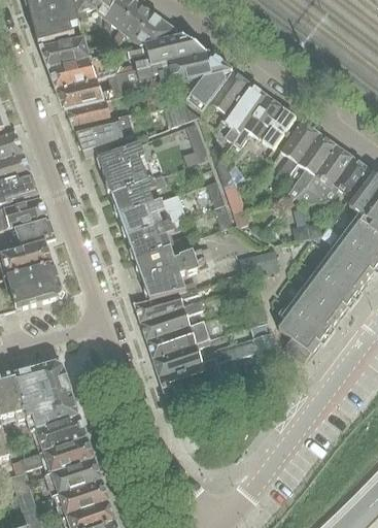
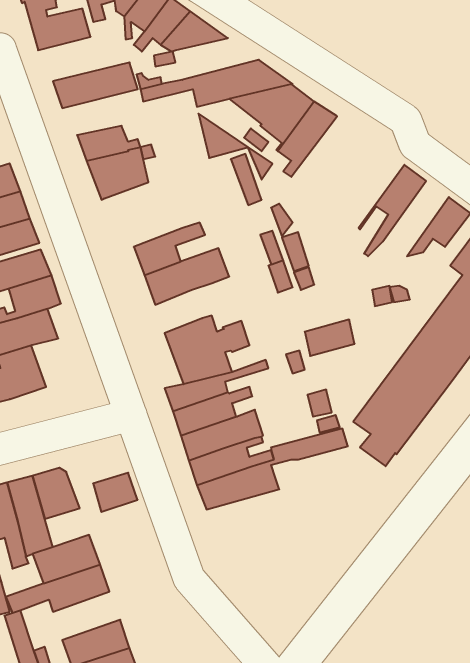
building: [141,32,205,64] -> none
building: [40,34,107,65] -> none
building: [55,71,121,106] -> none
building: [230,92,294,146] -> none
building: [273,118,316,177] -> none
building: [97,141,146,192] -> none
building: [288,141,350,201] -> none
building: [126,220,172,258] -> none
building: [31,262,61,299] -> none
building: [41,392,75,422] -> [93,473,138,512]
building: [47,456,99,493] -> none

